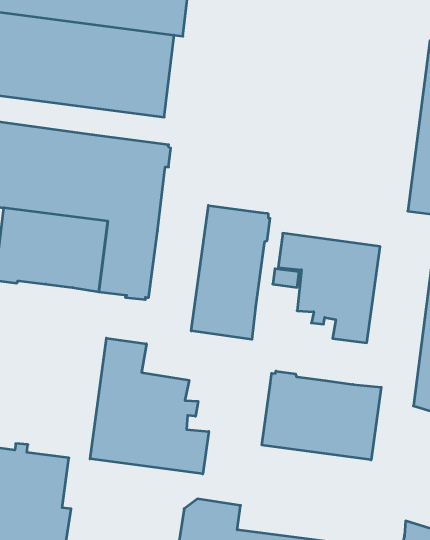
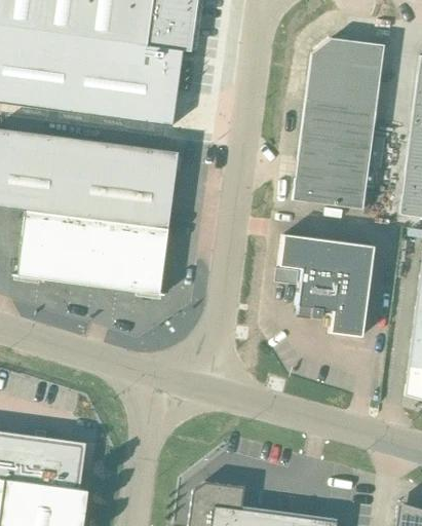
building: none -> [293,38,384,210]
building: [191,205,270,339] -> none
building: [90,338,209,474] -> none
building: [262,371,381,460] -> none

